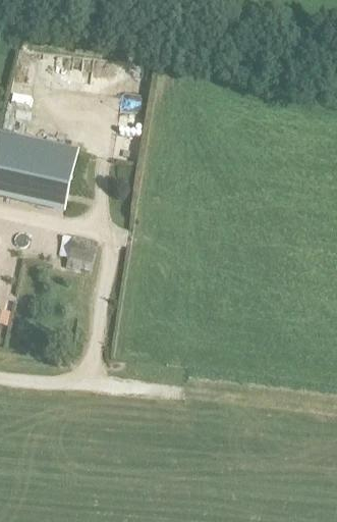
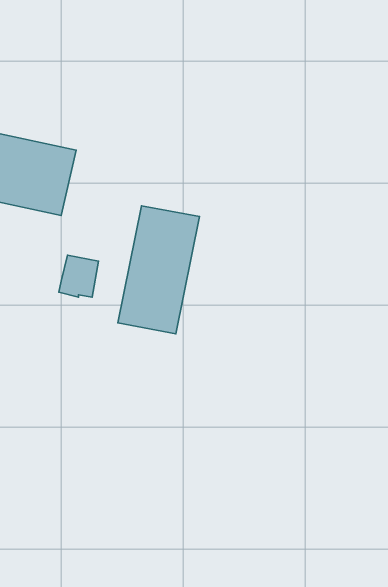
building: none -> [118,206,199,334]

